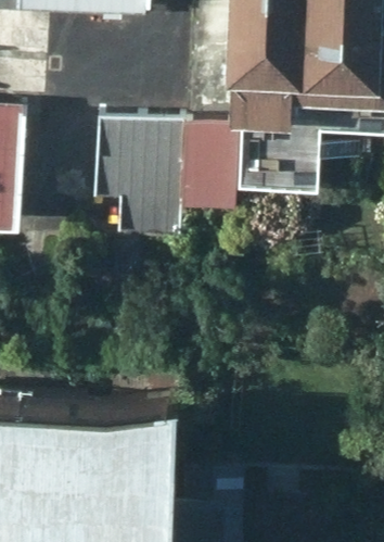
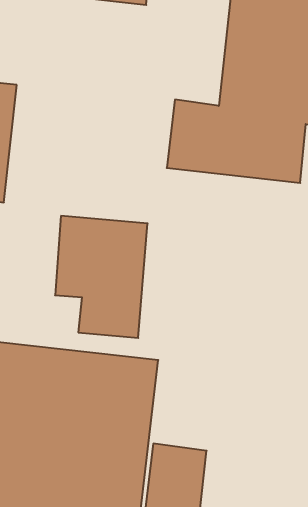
building: [91,113,179,230] -> [55,216,148,338]

